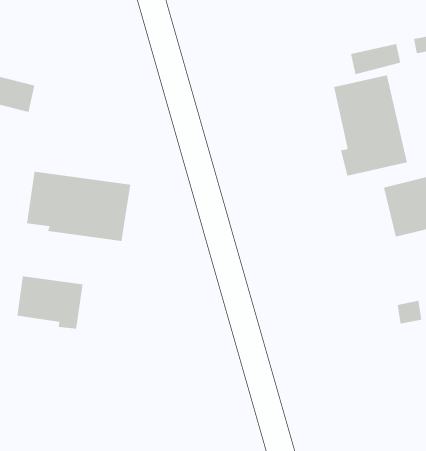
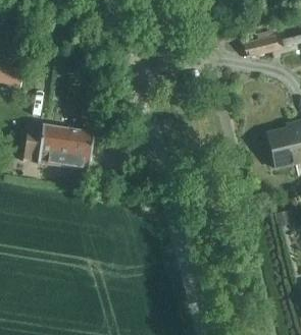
building: [334,74,407,177] -> none
building: [17,275,83,330] -> none

